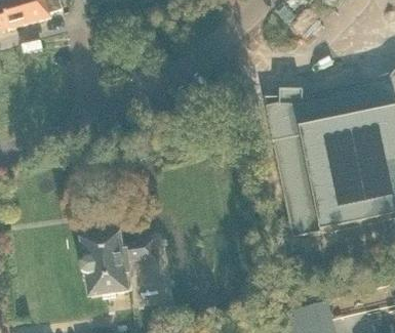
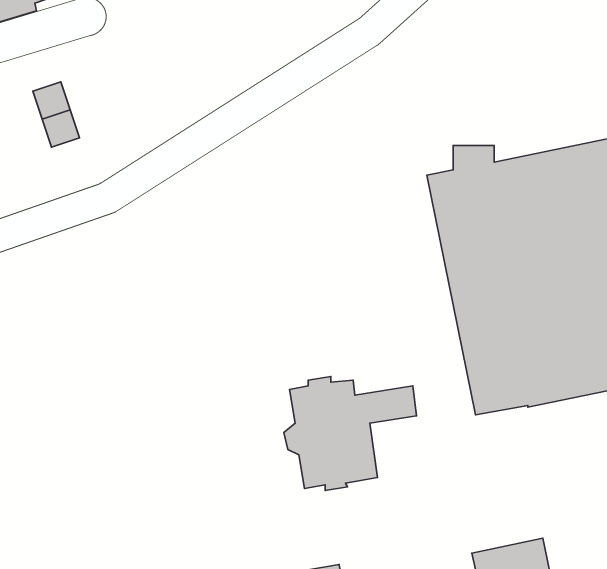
building: [78,234,151,296] -> [284,376,417,490]

